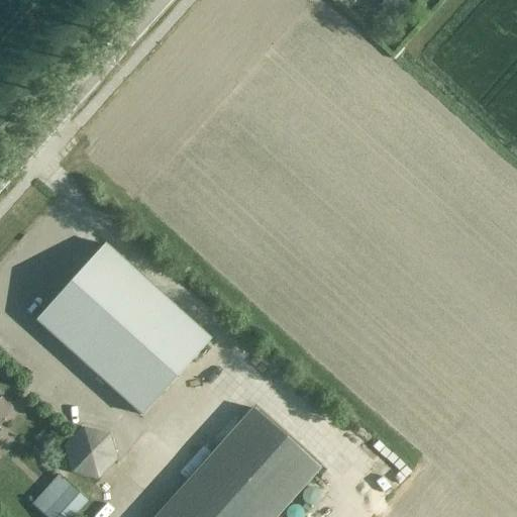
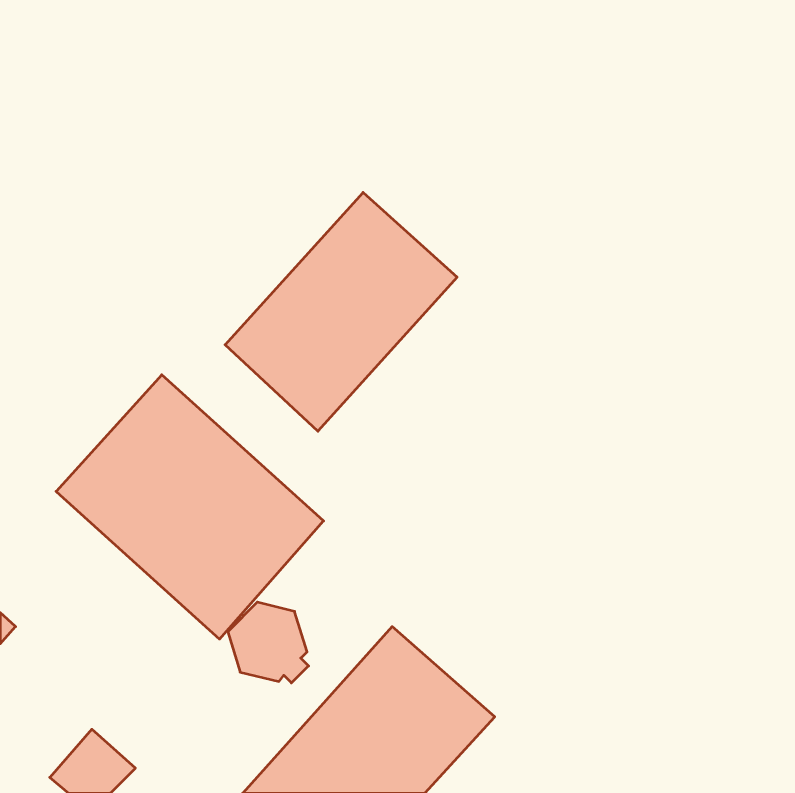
building: none -> [225,192,457,431]
building: [65,427,117,480] -> [228,602,309,683]

